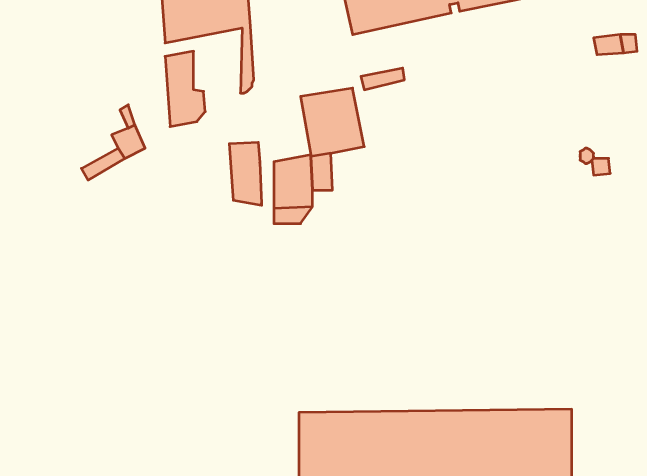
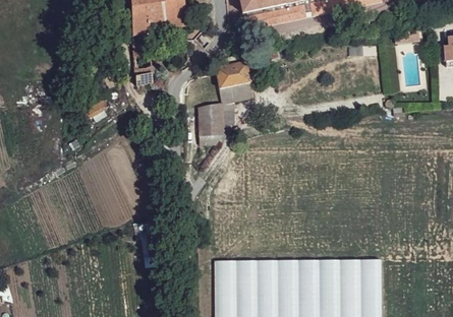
building: [229,142,262,205] -> none

